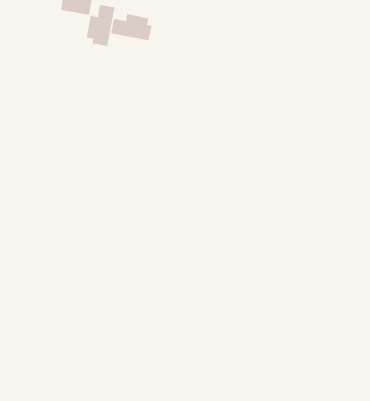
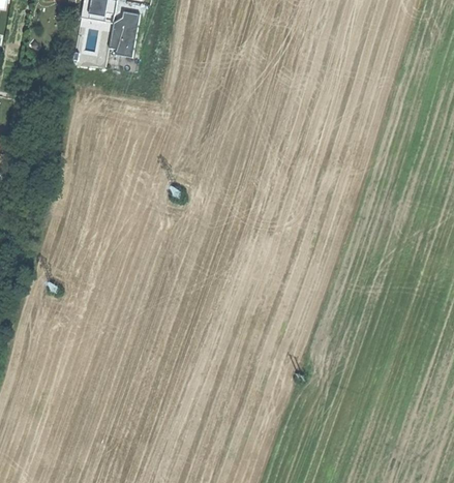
building: [110,13,152,41] -> none

